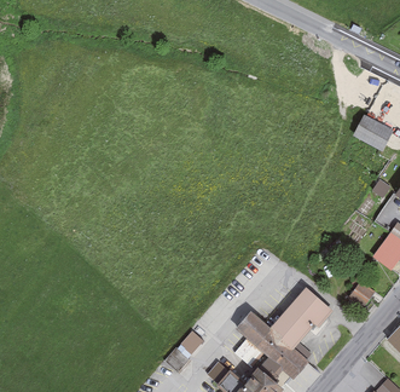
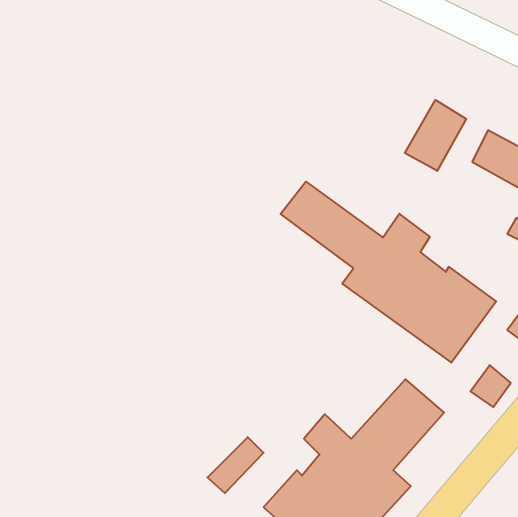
building: none -> [405,100,466,171]
building: none -> [281,182,496,363]

